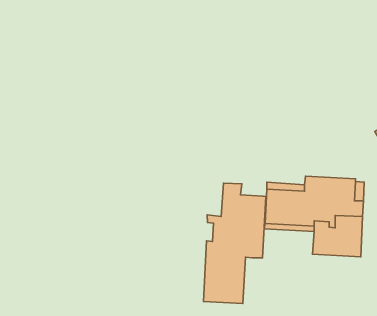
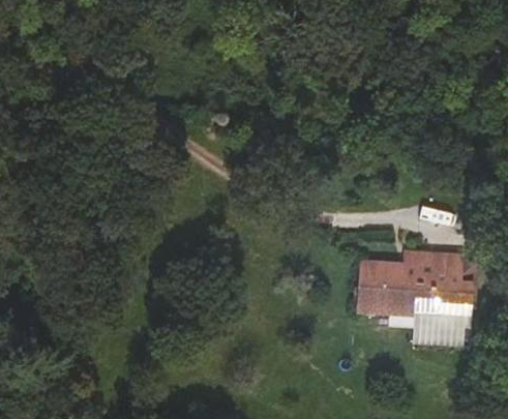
building: [203,183,266,304] -> none

